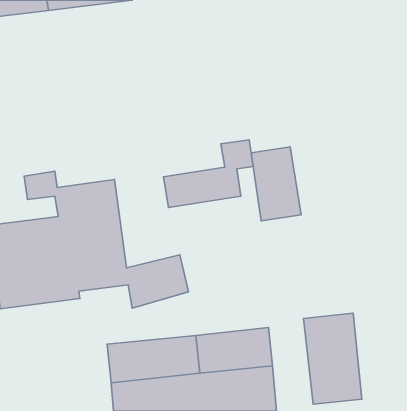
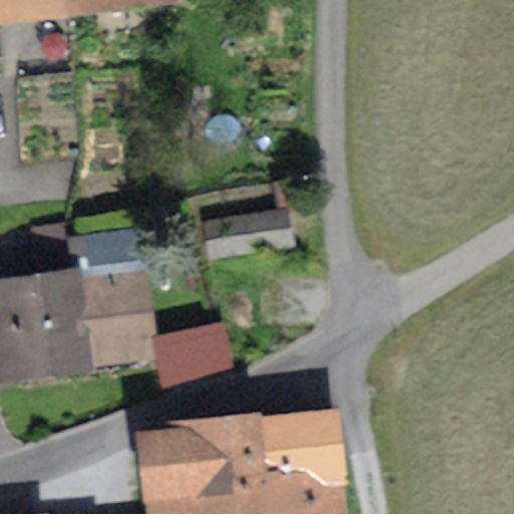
building: [251,147,301,221] -> none
building: [304,313,362,404] -> none

